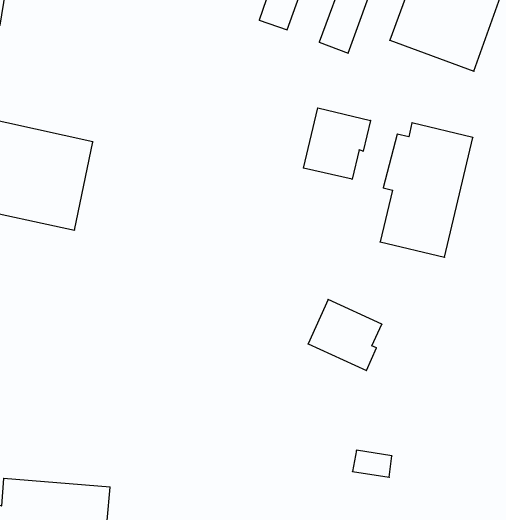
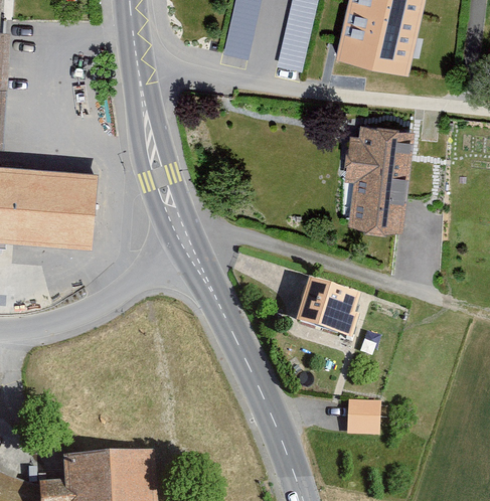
building: [303,108,371,179] -> none

